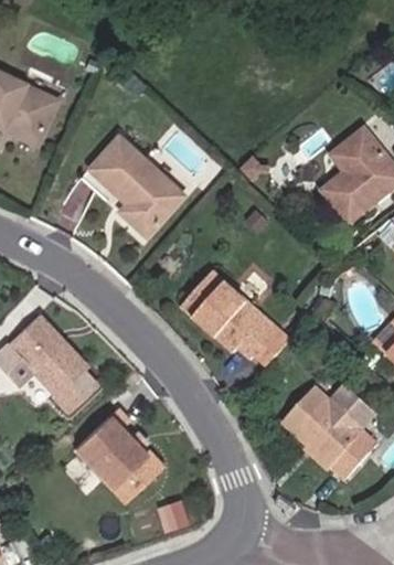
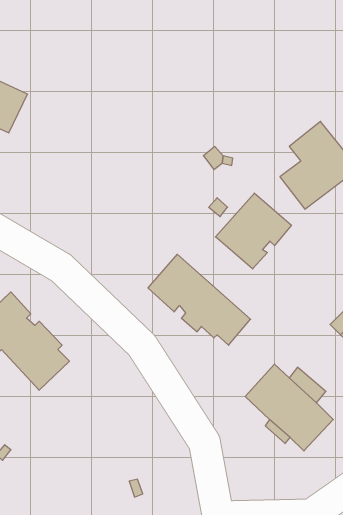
building: [88,136,180,234] -> none
building: none -> [215,193,291,269]
building: [73,407,161,502] -> none

